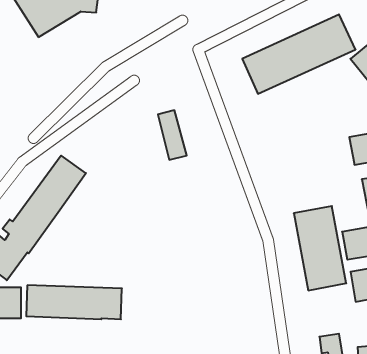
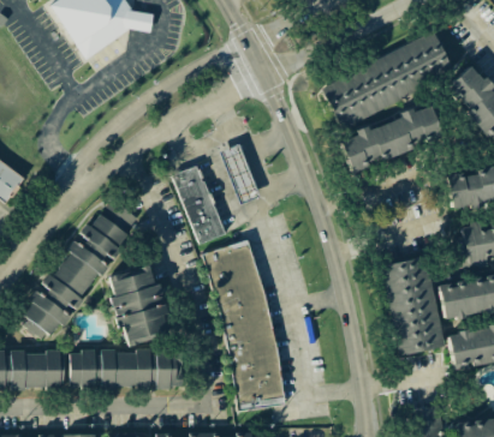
building: none -> [340,107,442,170]
building: none -> [173,164,226,245]
building: none -> [208,243,281,411]
building: none -> [107,264,171,346]

